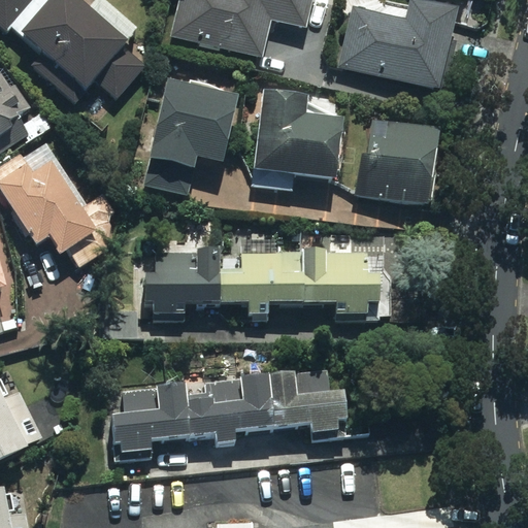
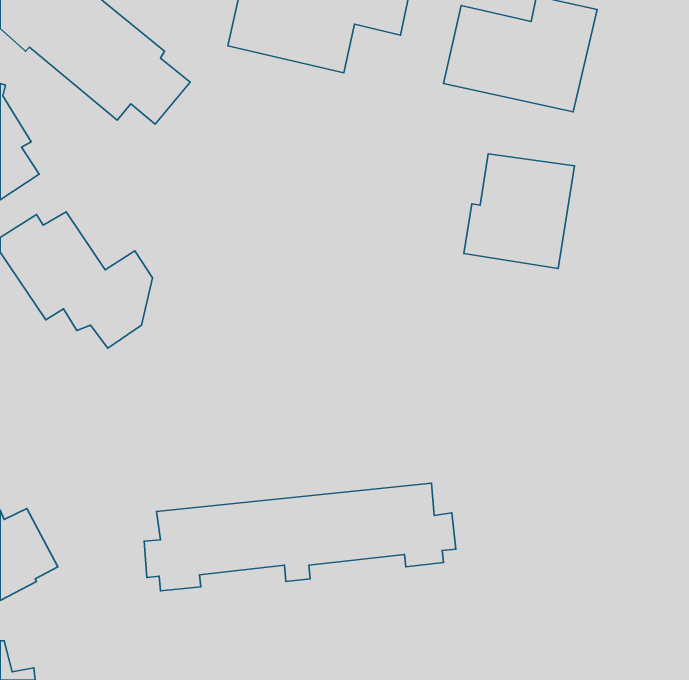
building: [151,80,237,168] -> none
building: [255,91,343,178] -> none
building: [145,250,381,315] -> none

